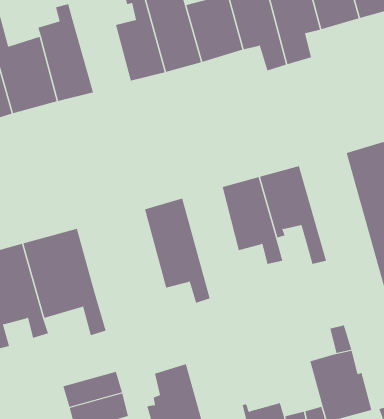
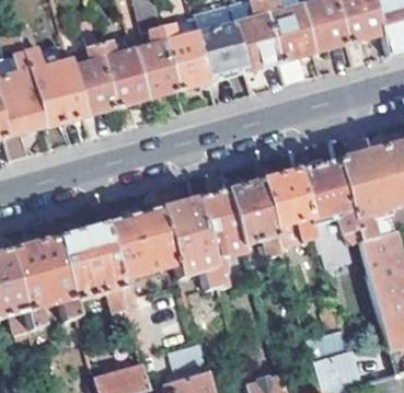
building: none -> [99,33,149,107]
building: none -> [297,160,360,269]
building: none -> [195,189,245,288]
building: none -> [103,209,176,281]

